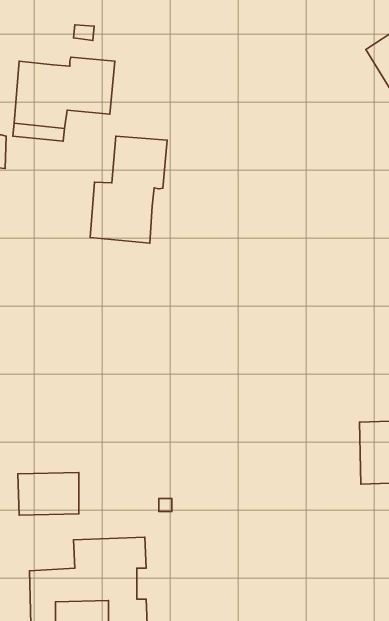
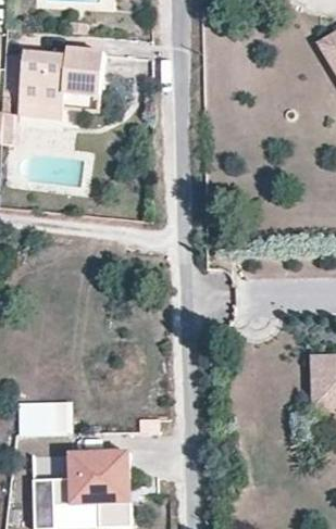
building: [90,136,167,243] -> none

